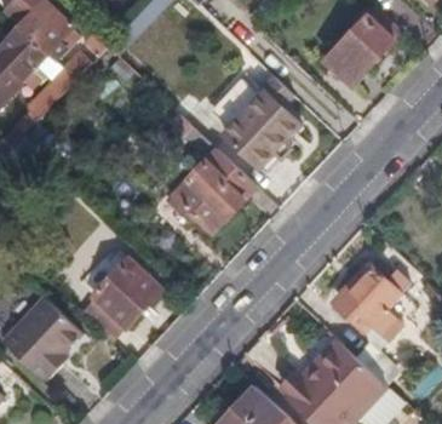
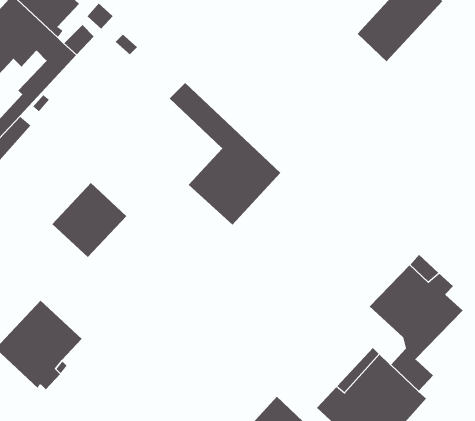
building: [216,71,295,162] -> none
building: [93,258,161,326] -> [52,182,127,258]

